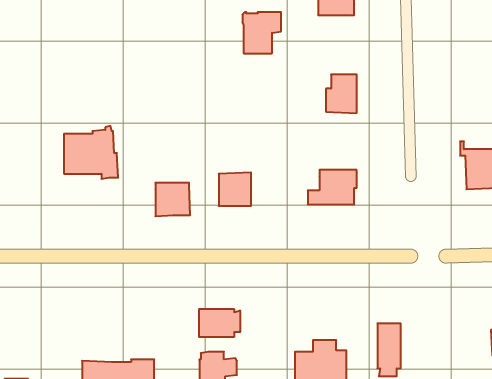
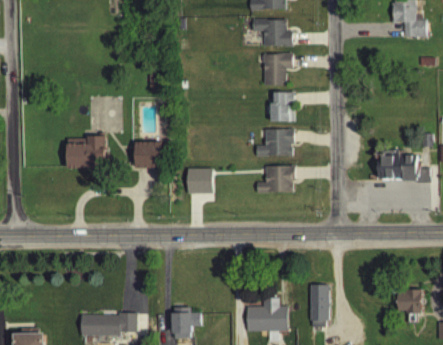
building: [242,12,281,53] -> [262,53,292,85]
building: none -> [255,128,294,156]
building: [155,183,190,216] -> [135,142,162,168]
building: [199,309,240,337] -> none

